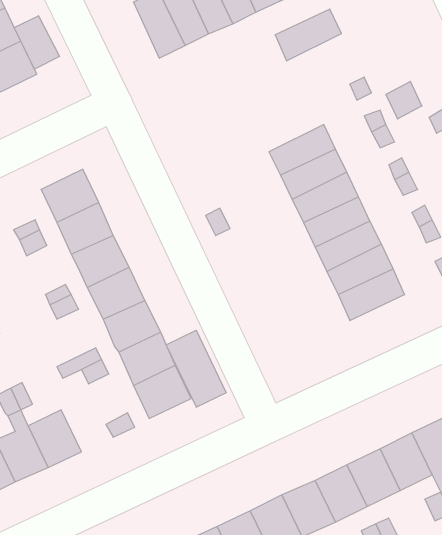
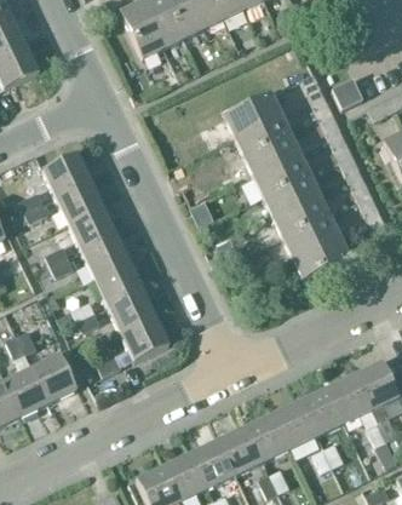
building: [275,9,341,61] -> [225,93,281,137]
building: [14,16,60,69] -> none
building: [166,330,226,407] -> none

